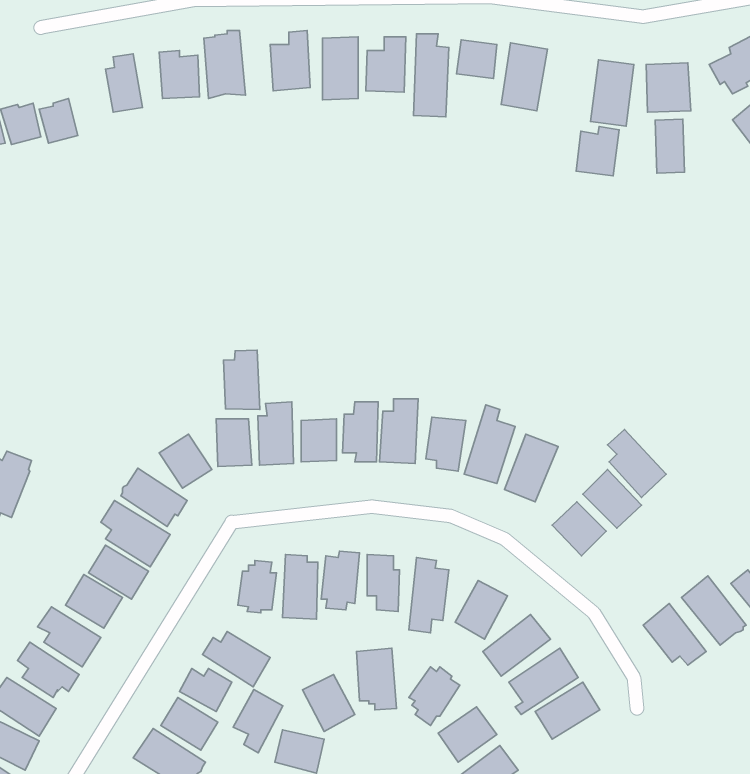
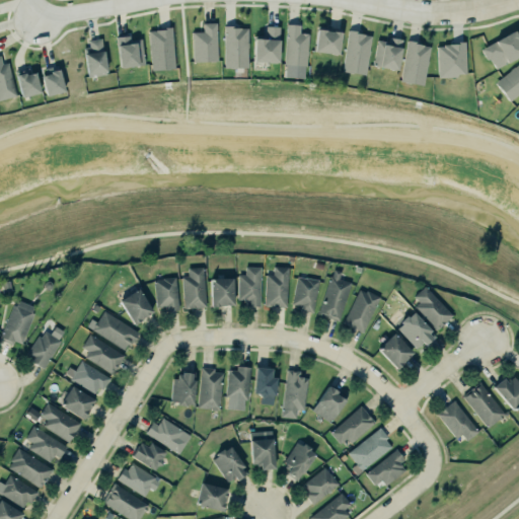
building: [655,119,685,173] -> none
building: [576,127,619,176] -> [375,39,403,71]
building: [223,350,260,409] -> none
building: none -> [26,330,62,369]
building: [233,689,283,753] -> none

